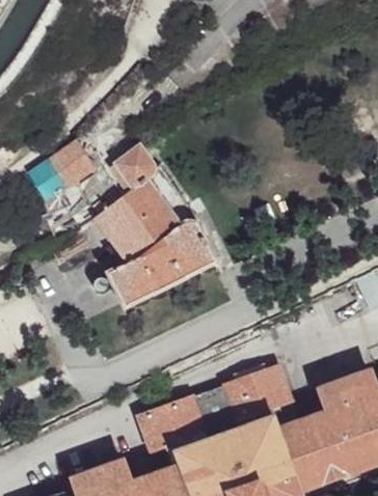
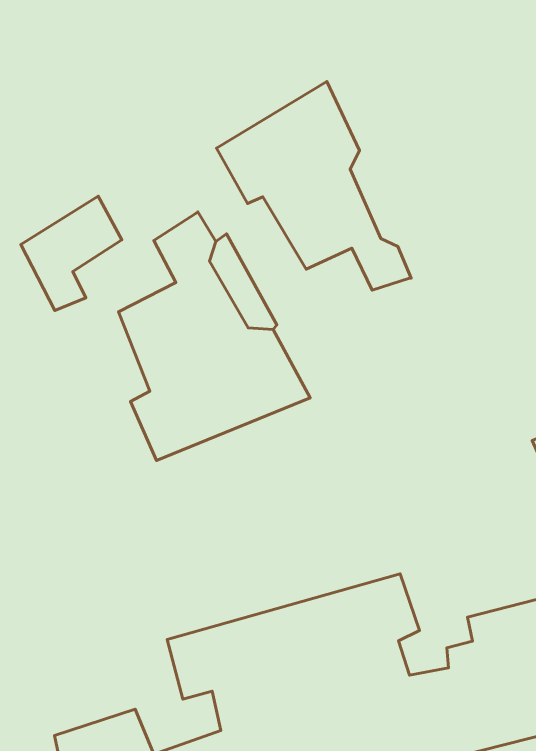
building: none -> [216,81,411,290]

